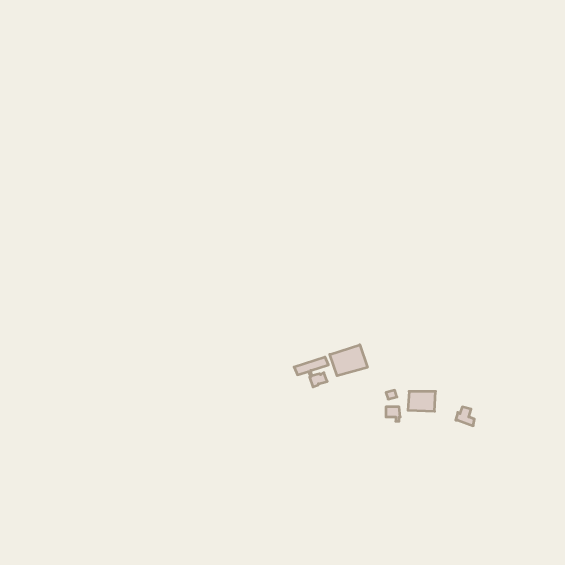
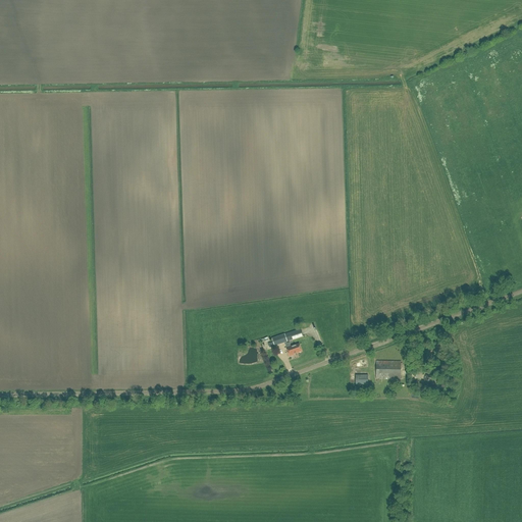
building: [330,345,367,376] -> none

